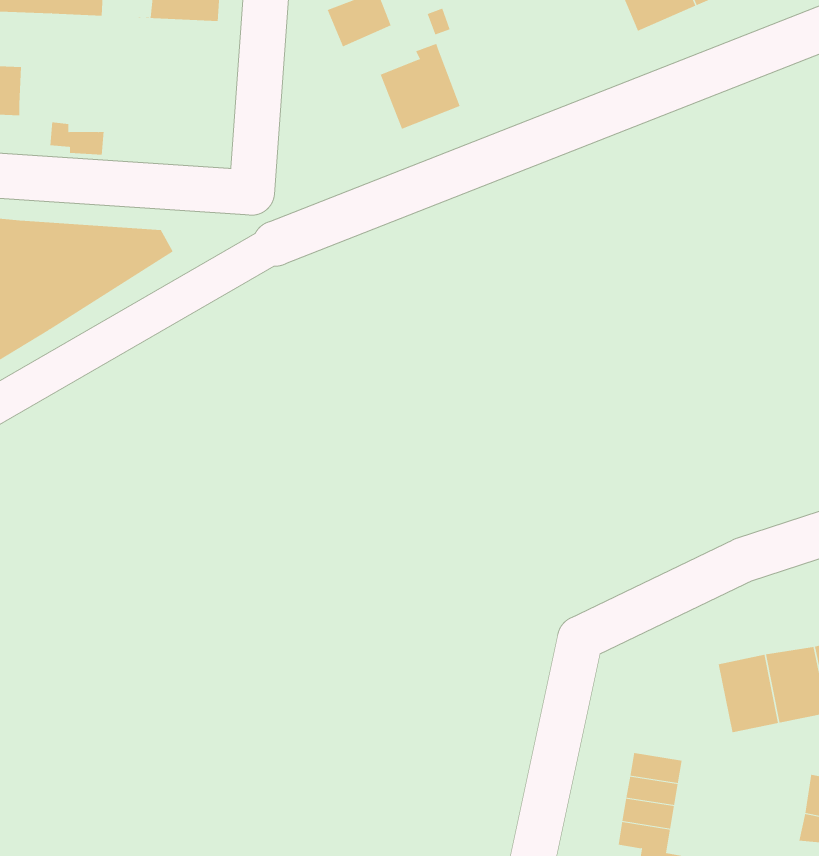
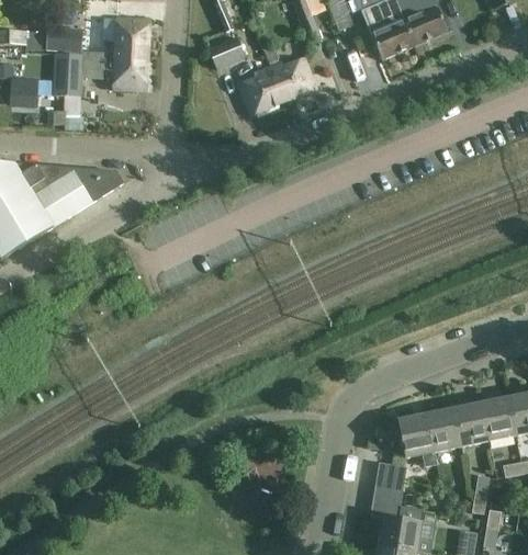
building: none -> [53,48,147,93]
building: none -> [269,56,316,100]
building: none -> [398,411,434,455]

